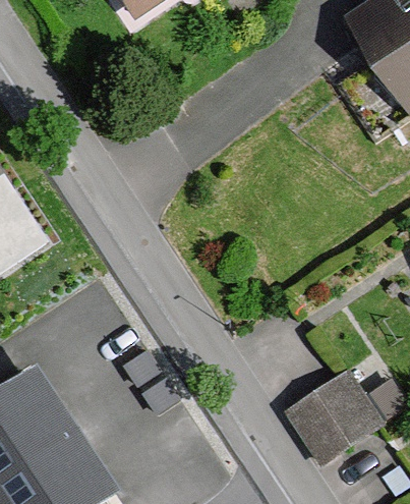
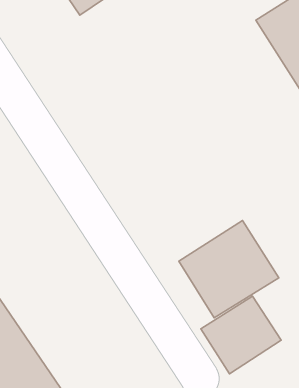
building: none -> [179,221,279,318]

